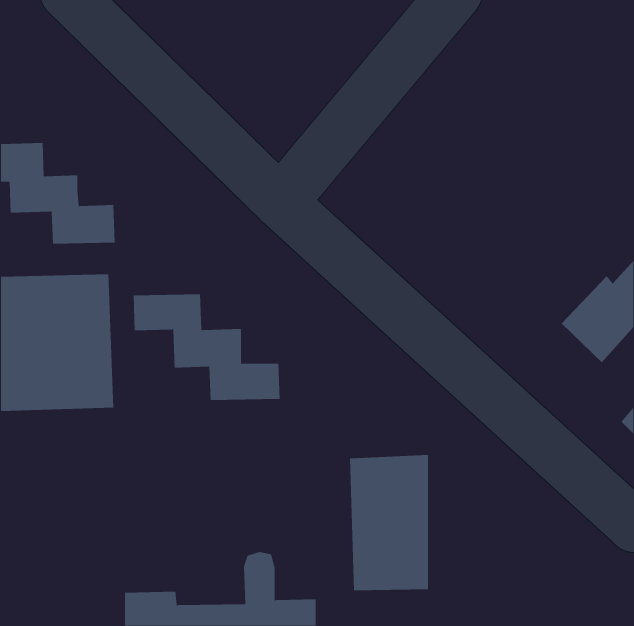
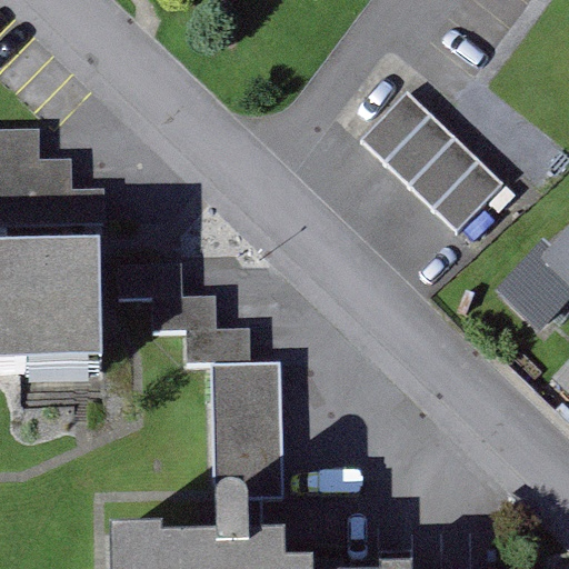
building: none -> [362,91,502,230]
building: [349,454,429,591] -> [210,362,281,485]

